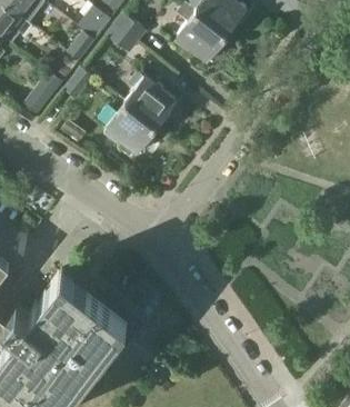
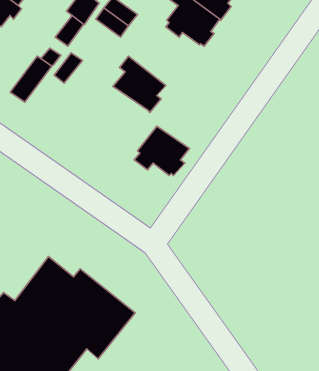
building: [100,105,154,153] -> [134,126,189,176]

